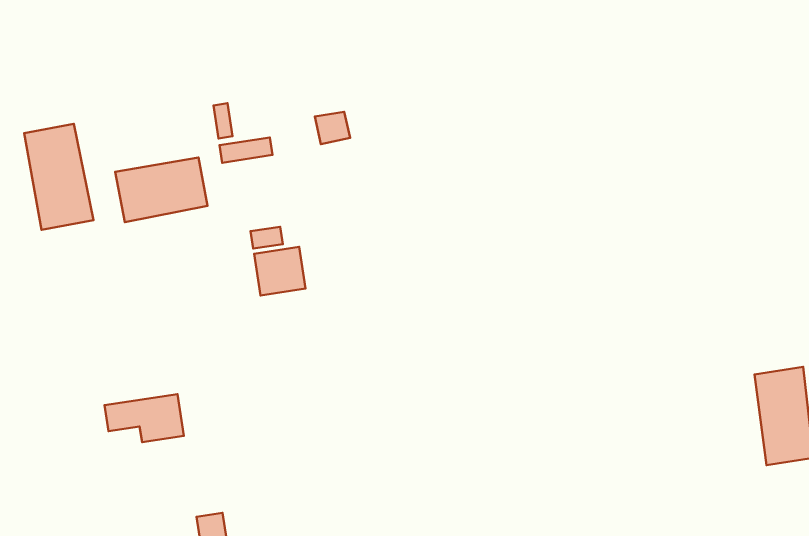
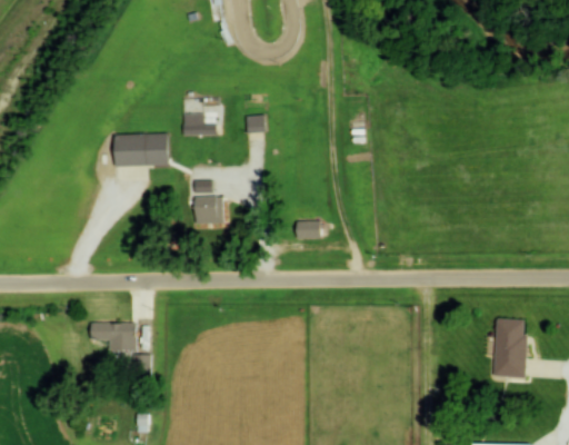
building: [24,124,93,230] -> none
building: none -> [295,221,320,239]
building: [104,394,184,442] -> [89,325,136,352]

